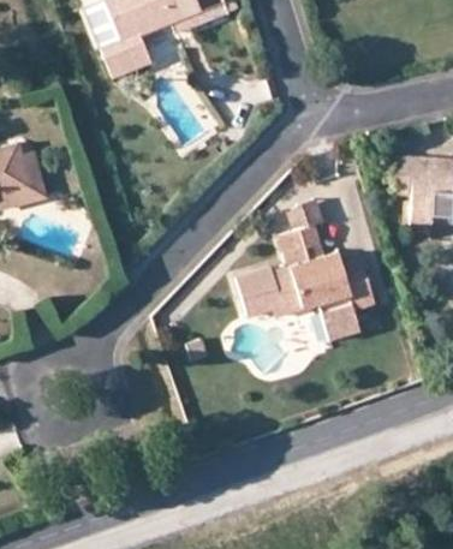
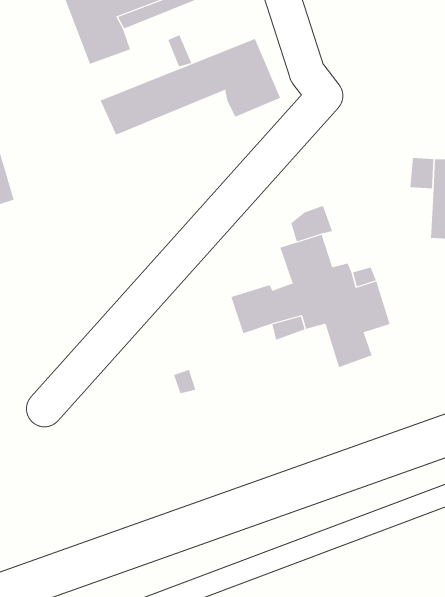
building: none -> [100,38,281,136]

